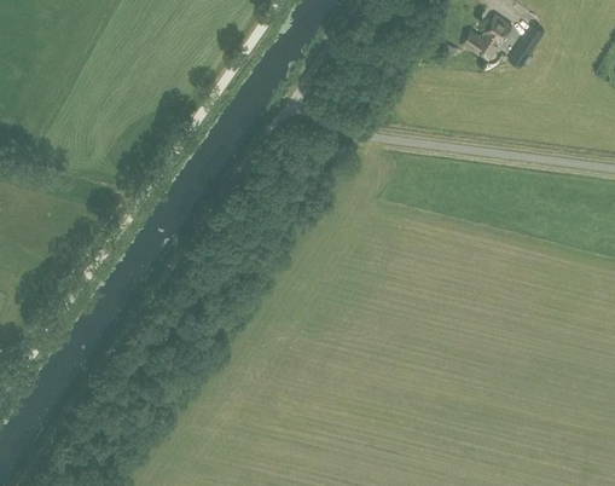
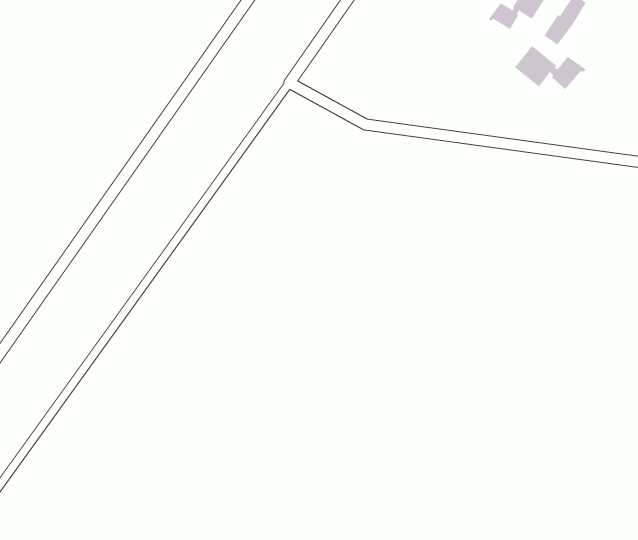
building: none -> [514,45,587,90]

